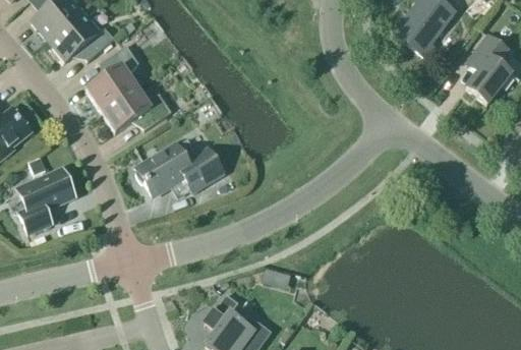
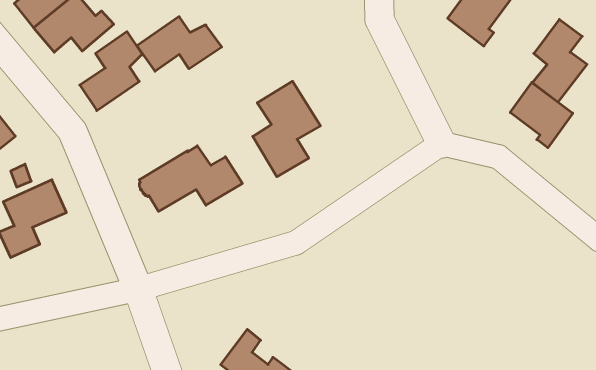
building: none -> [253,81,320,177]
building: [101,86,172,132] -> [137,17,222,71]
building: none -> [510,82,573,148]

